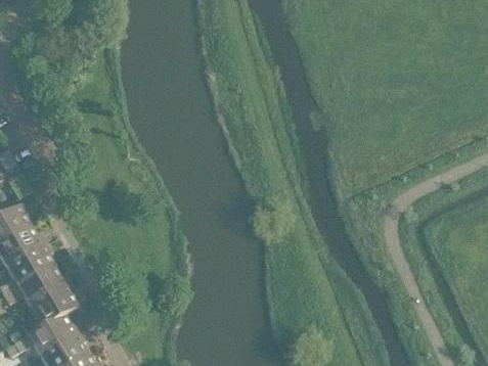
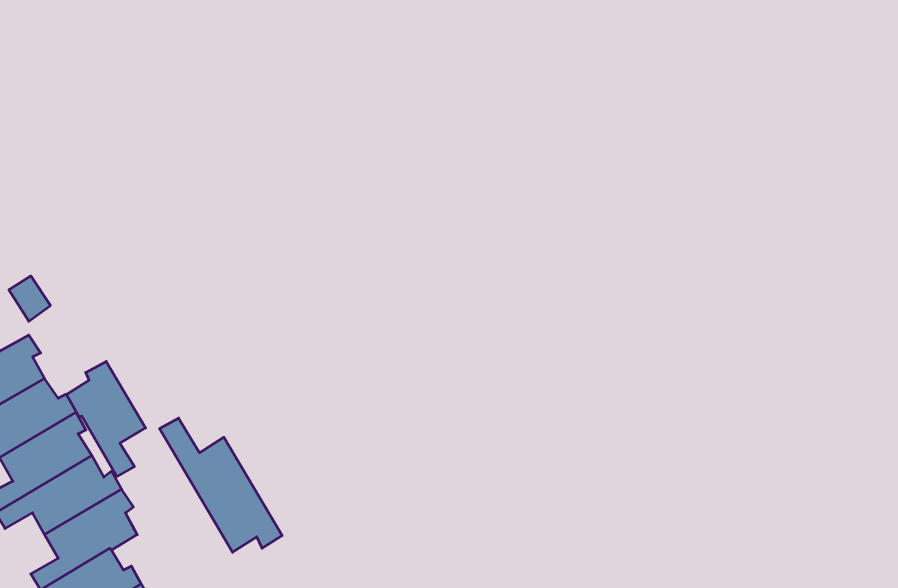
building: none -> [66,361,146,476]
building: none -> [160,418,282,552]

